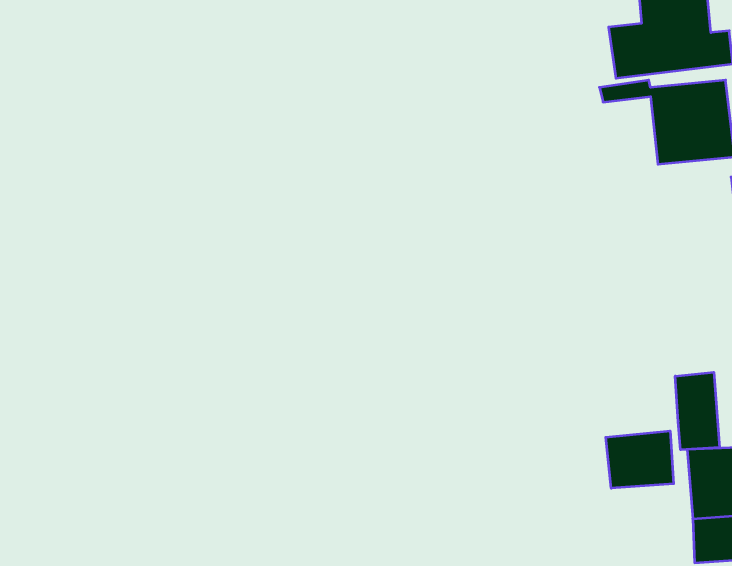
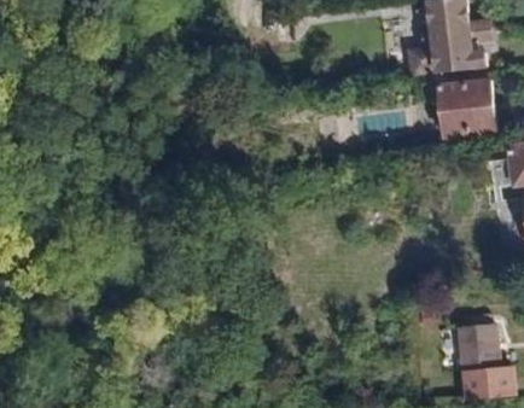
building: [675,372,719,450] -> none
building: [606,431,674,488] -> none

